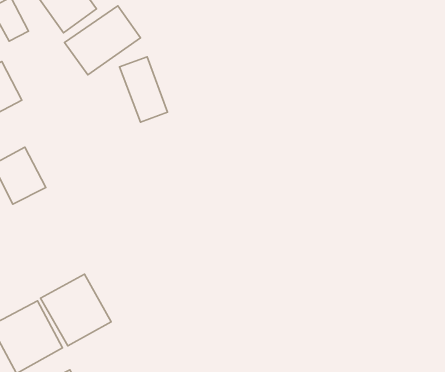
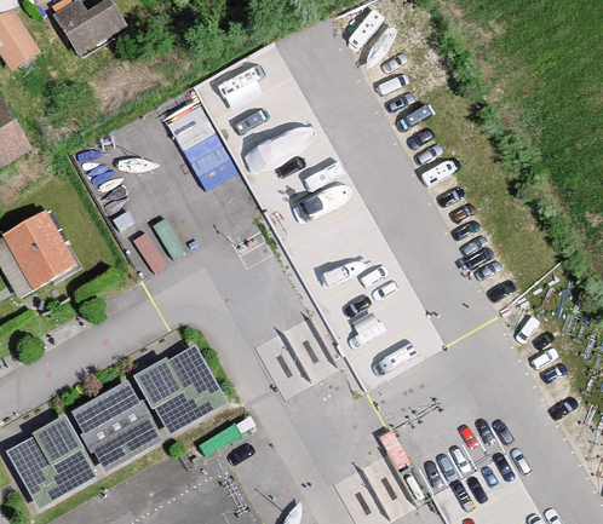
building: [64,6,140,75] -> none
building: none -> [126,342,223,440]

